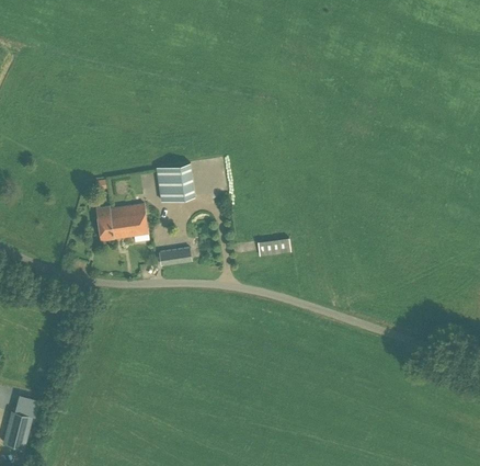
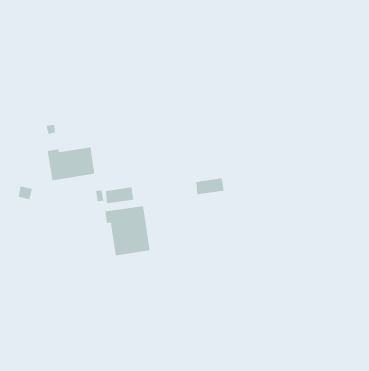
building: [156,162,194,201] -> none
building: none -> [105,205,150,256]

